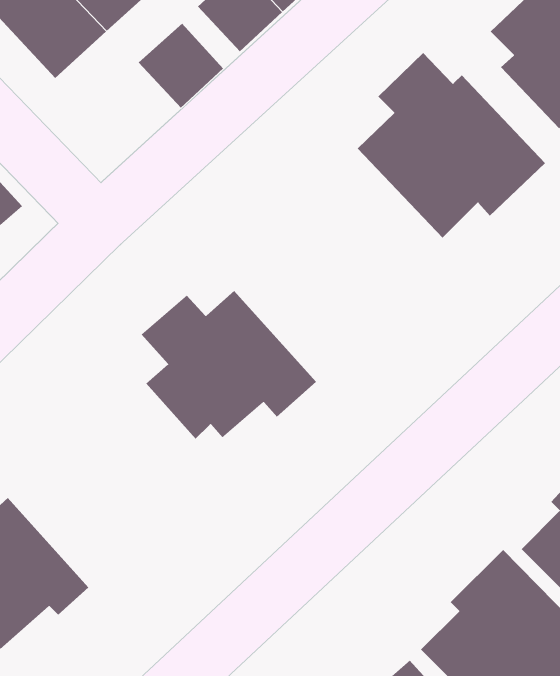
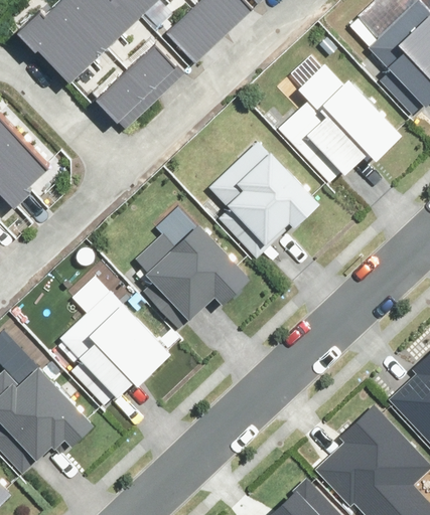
building: none -> [97,69,156,128]
building: none -> [208,138,321,253]
building: none -> [59,293,173,404]

